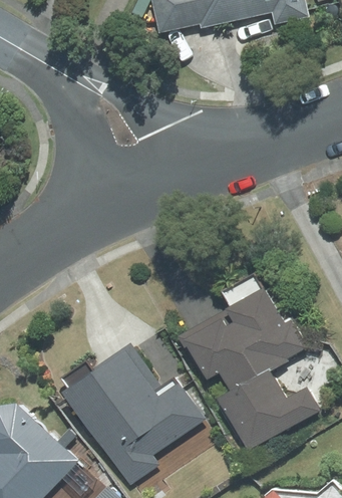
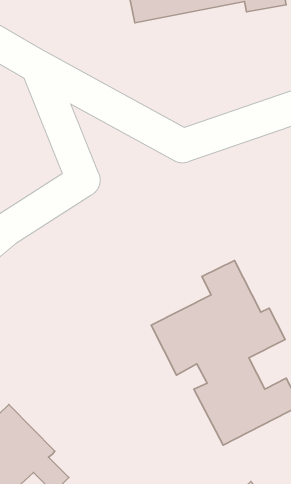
building: [64,347,205,484] -> none

